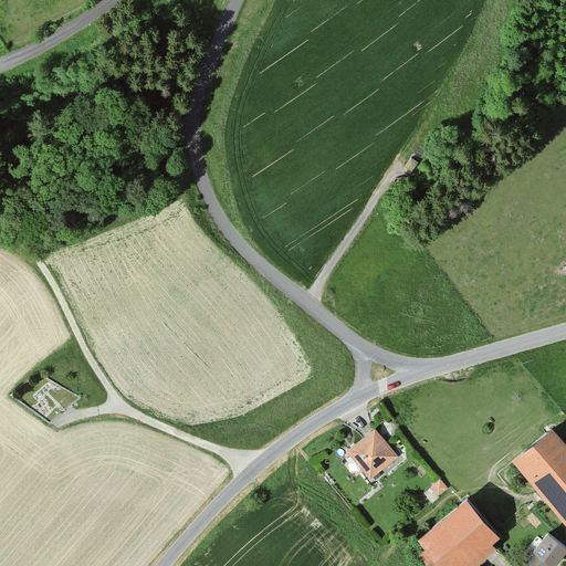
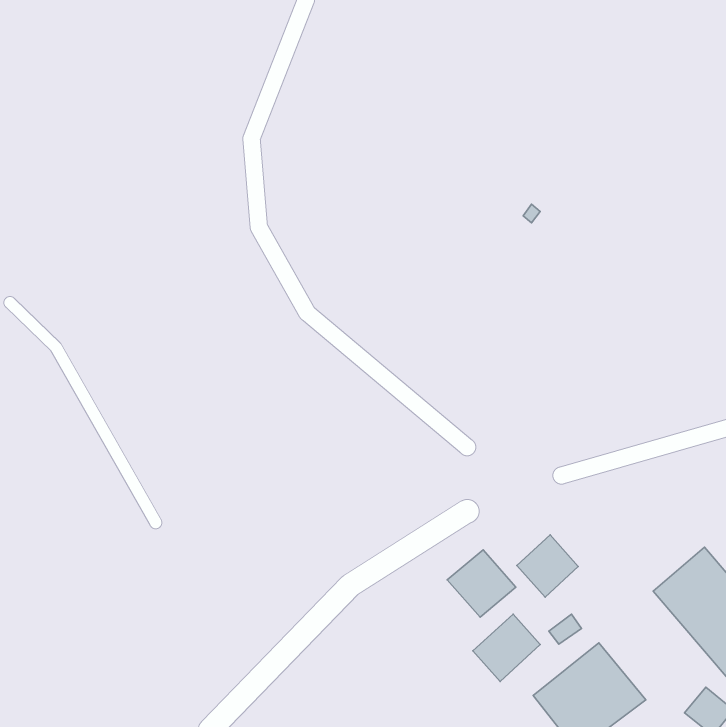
building: none -> [517,535,578,597]
building: none -> [473,614,540,681]

